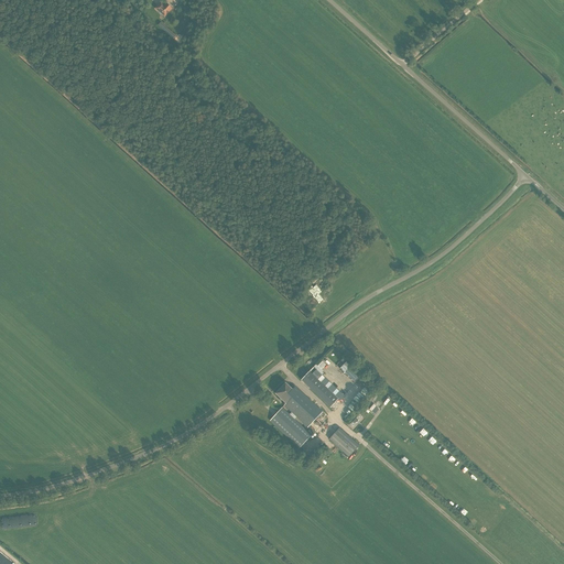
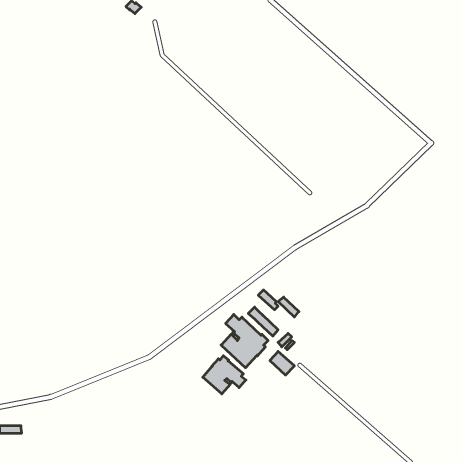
building: none -> [203,356,246,394]

